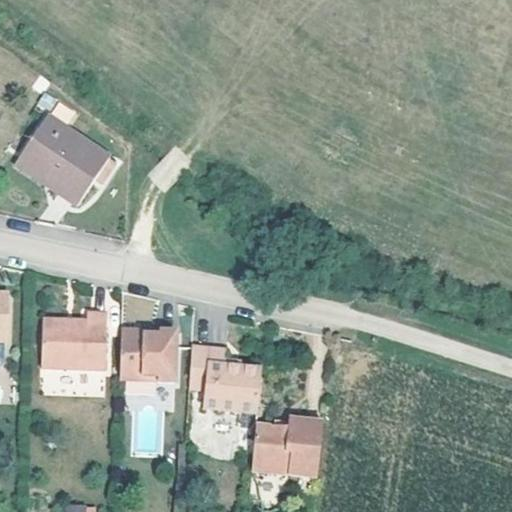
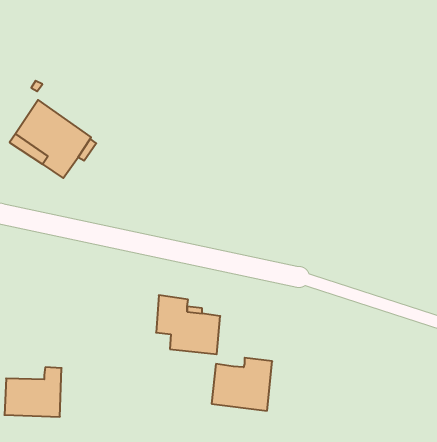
building: [39,315,105,372] -> [4,367,62,417]
building: [120,331,176,382] -> none

